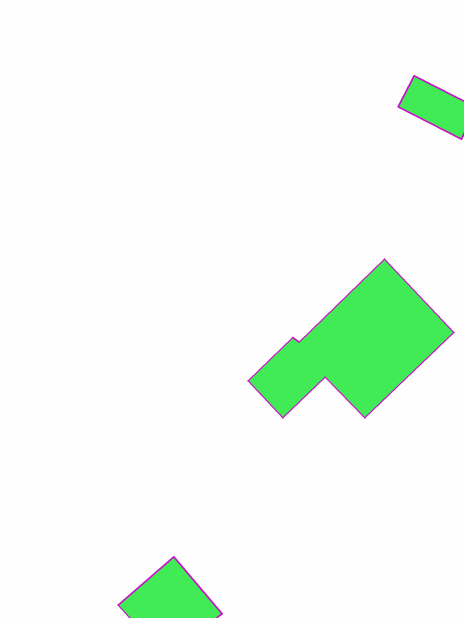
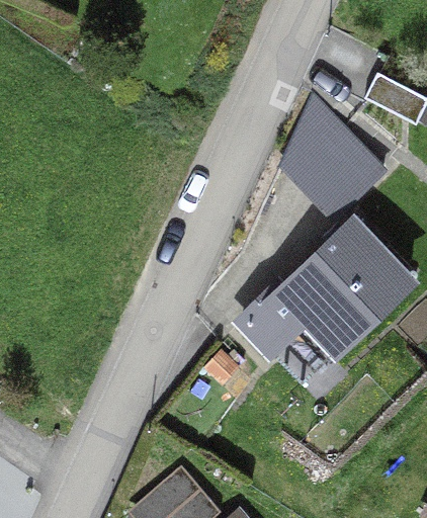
building: none -> [284,96,385,213]

